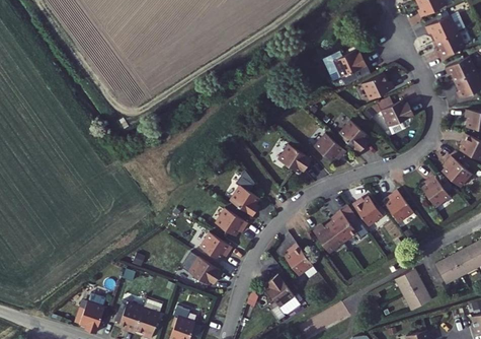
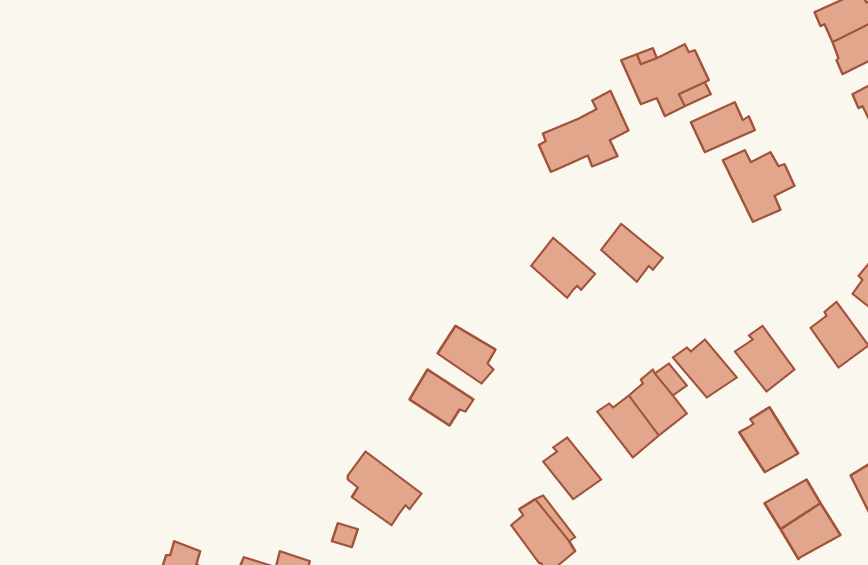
building: none -> [539,91,629,172]
building: [346,125,375,155] -> none
building: none -> [739,407,798,472]
building: [199,233,233,262] -> none

